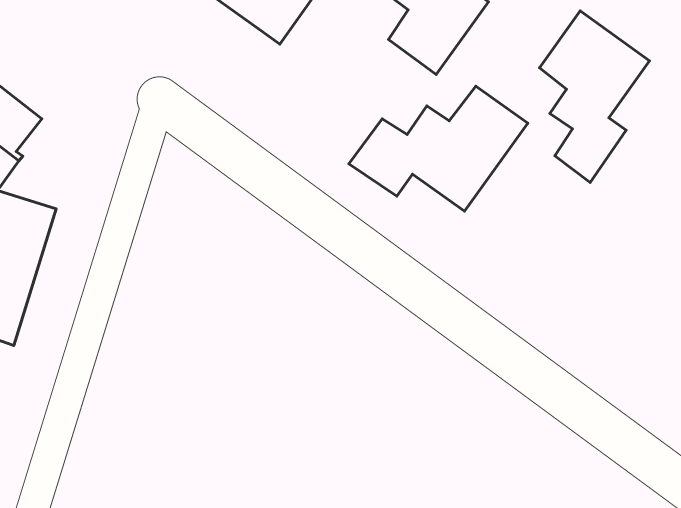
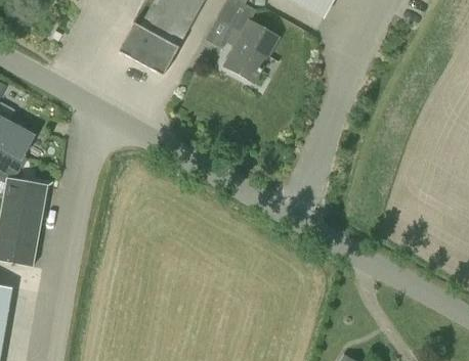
building: [540,11,649,182] -> none
building: [349,86,528,211] -> none

